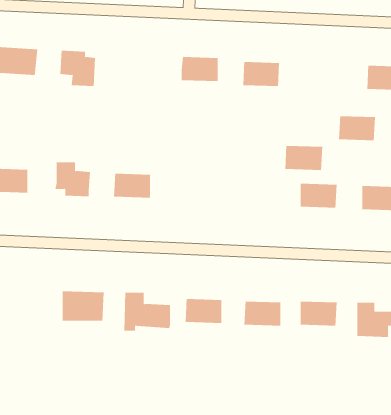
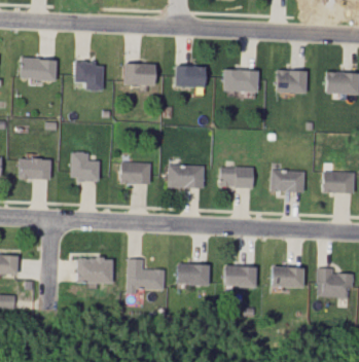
building: none -> [124,65,155,85]
building: [338,116,376,141] -> [278,71,309,92]
building: [284,145,323,170] -> [221,168,253,188]
building: none -> [169,166,204,188]

